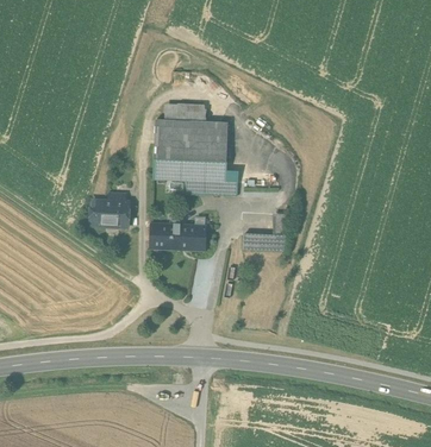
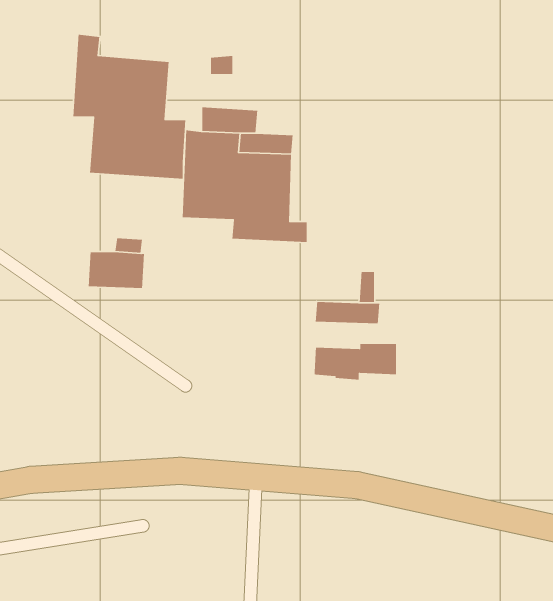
building: none -> [73,34,186,180]
building: [150,225,206,250] -> [313,343,397,380]

